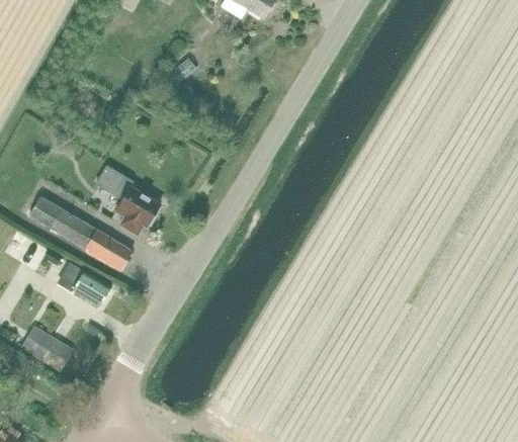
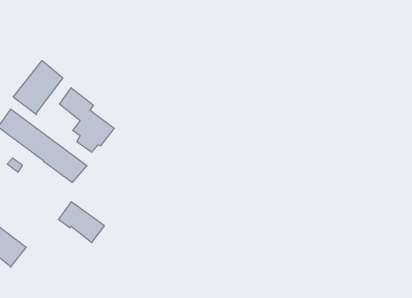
building: none -> [13,61,63,115]
building: [58,262,110,305] -> [58,202,104,243]

